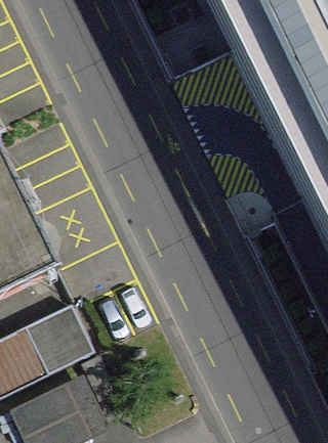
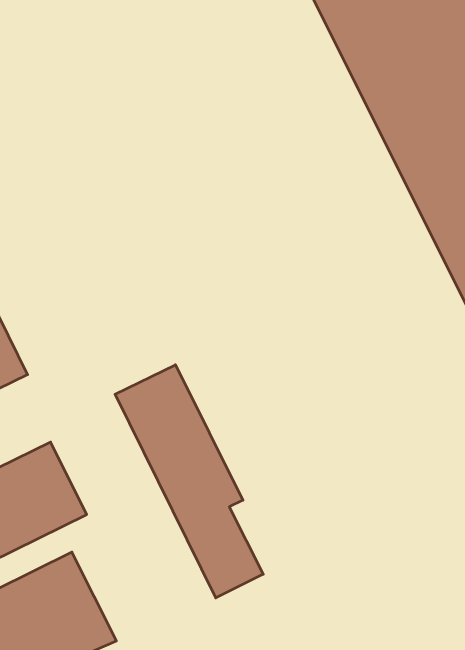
building: none -> [115,365,263,598]

